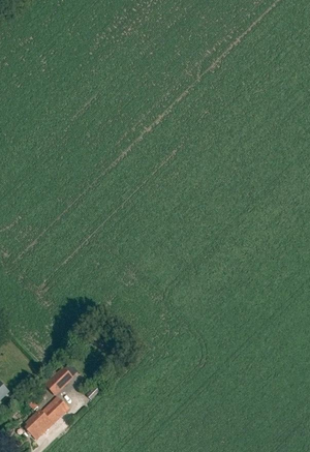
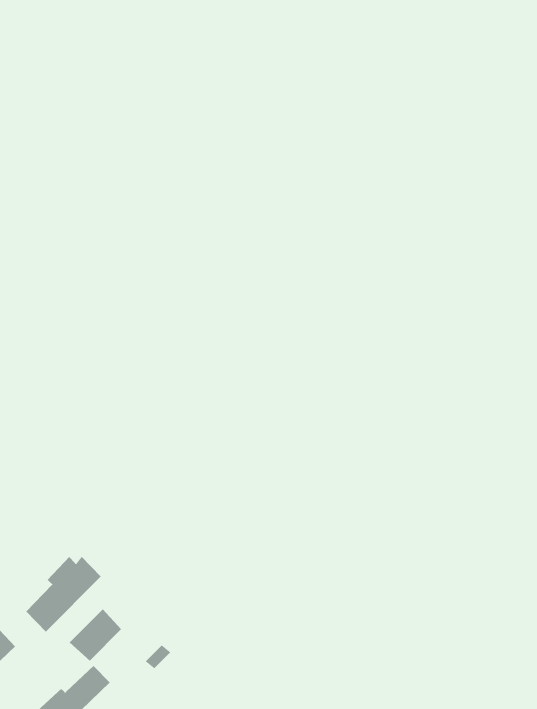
building: none -> [25,556,102,632]

